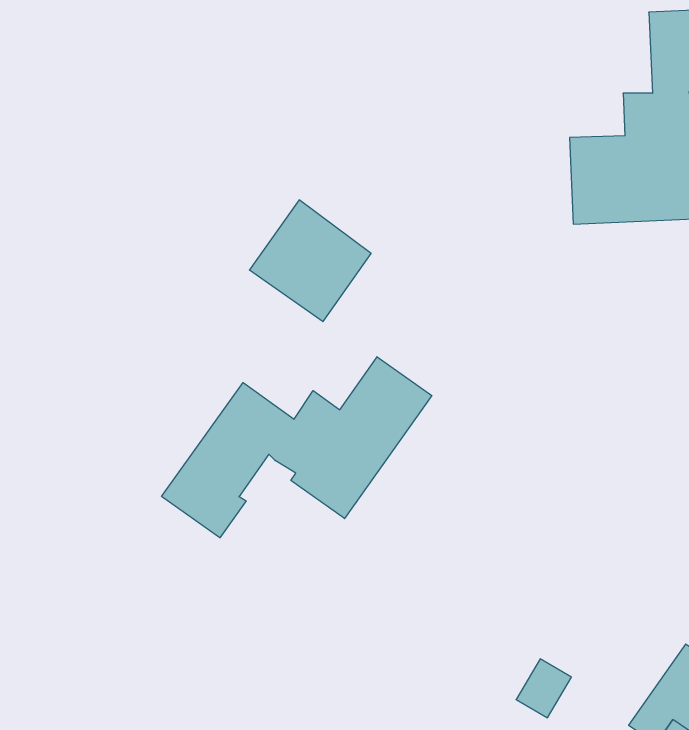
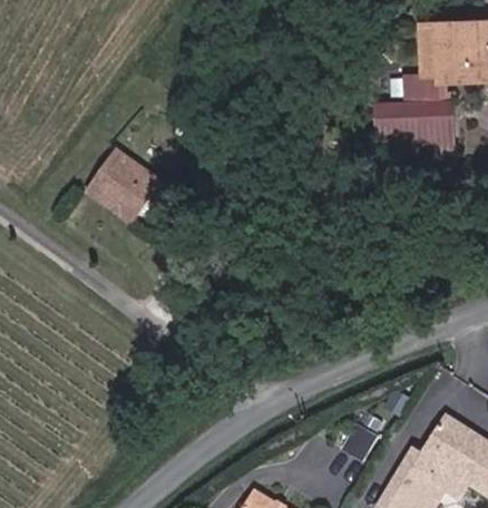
building: [249,200,371,322] -> [86,150,159,224]
building: [162,357,432,538] -> none

